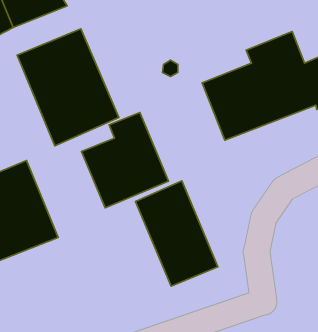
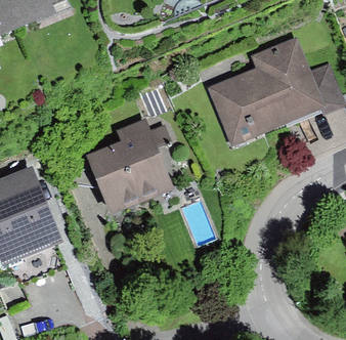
building: [17,29,119,146] -> none
building: [136,181,218,286] -> none

